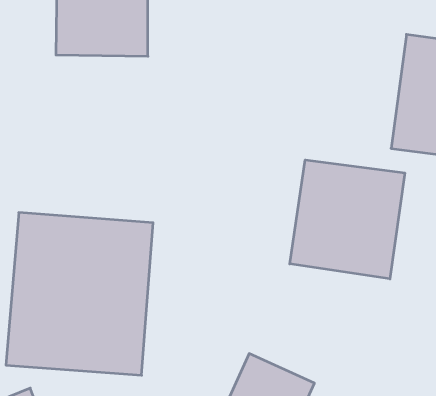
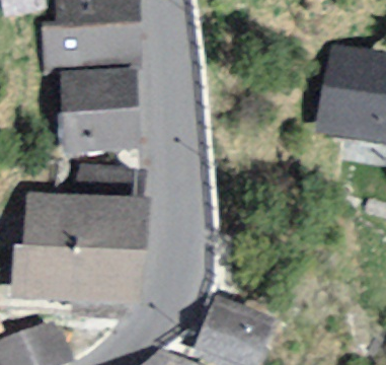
building: none -> [53,68,137,144]
building: [290,160,405,279] -> none

